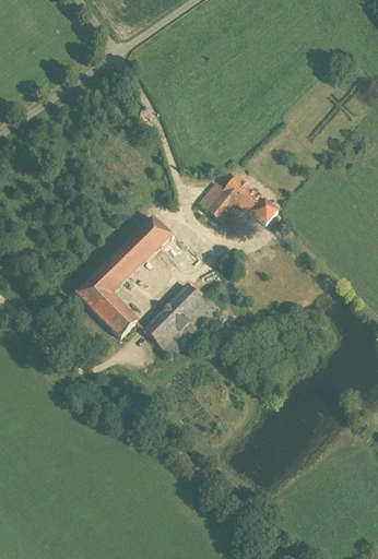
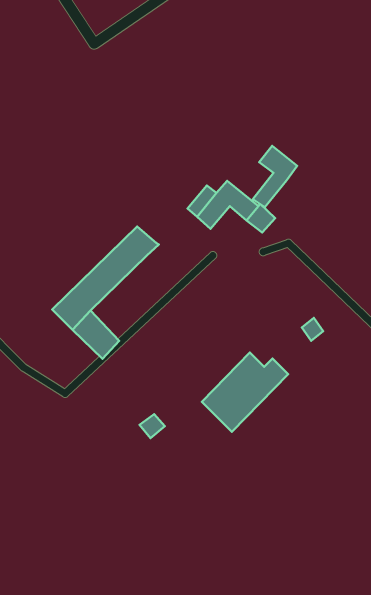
building: none -> [253,146,297,207]
building: [145,285,224,357] -> [202,353,288,432]

